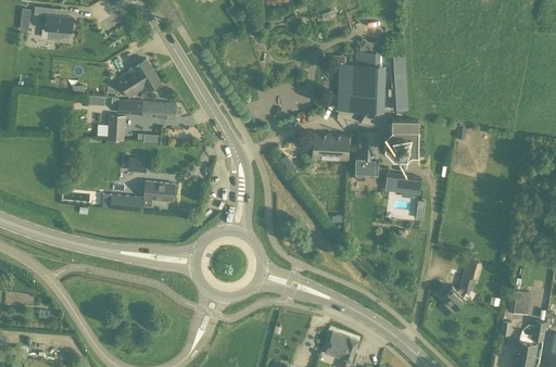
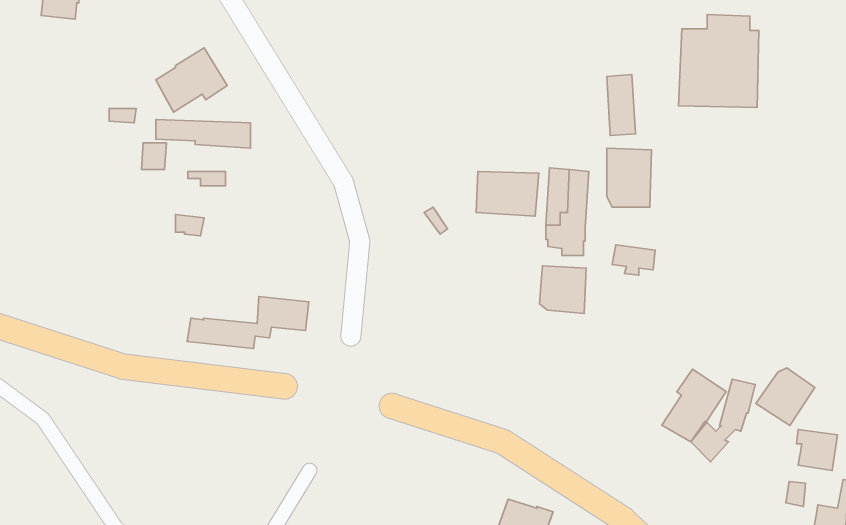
building: [336,55,384,112] -> [678,14,759,108]
building: [100,181,174,213] -> [187,297,309,349]
building: none -> [540,266,586,314]
building: none -> [756,368,815,426]
building: none -> [662,369,726,442]

